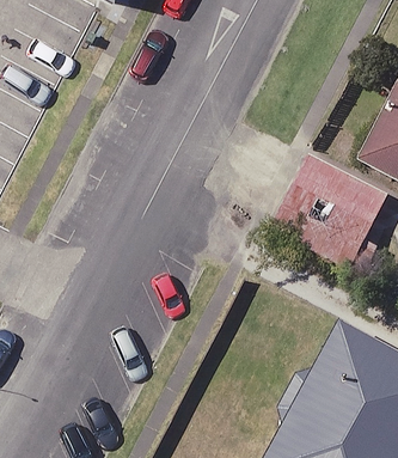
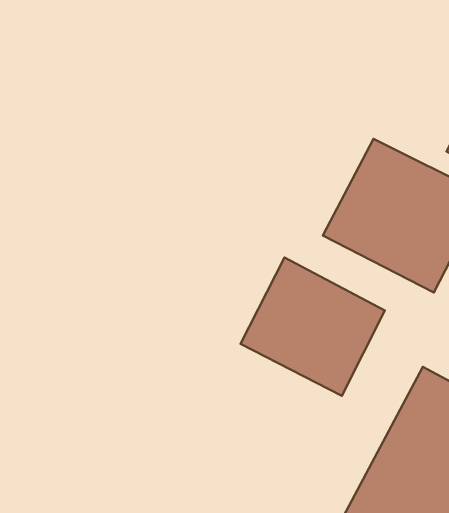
building: none -> [240,258,385,396]

